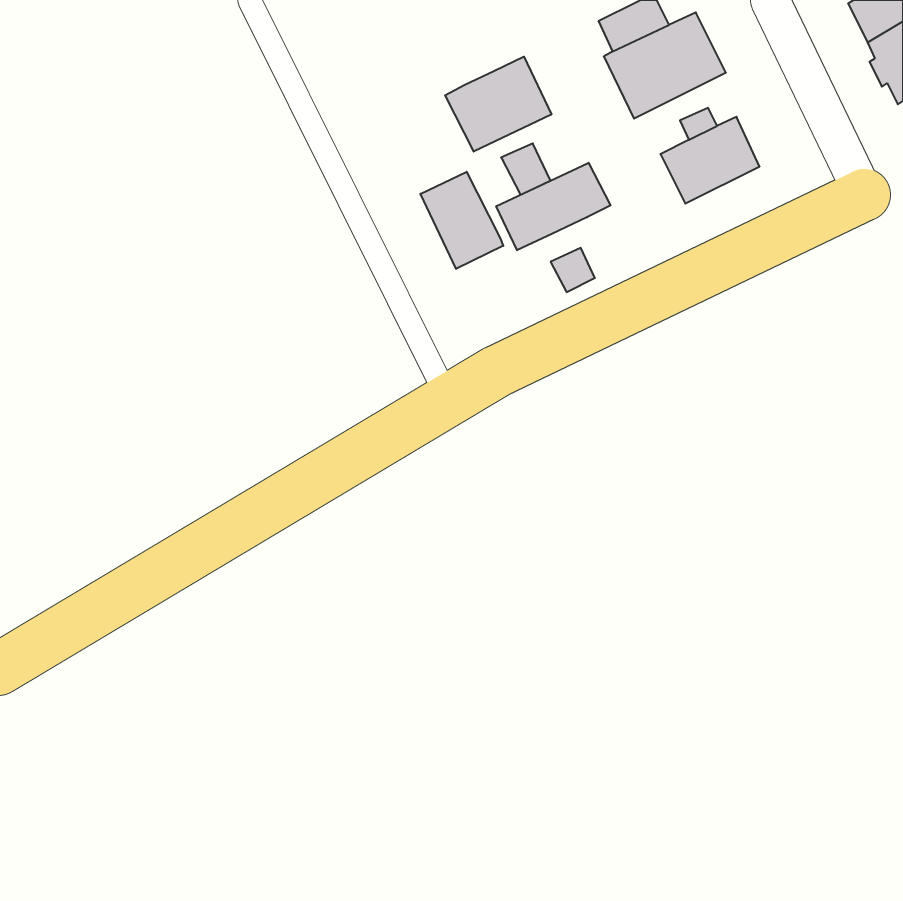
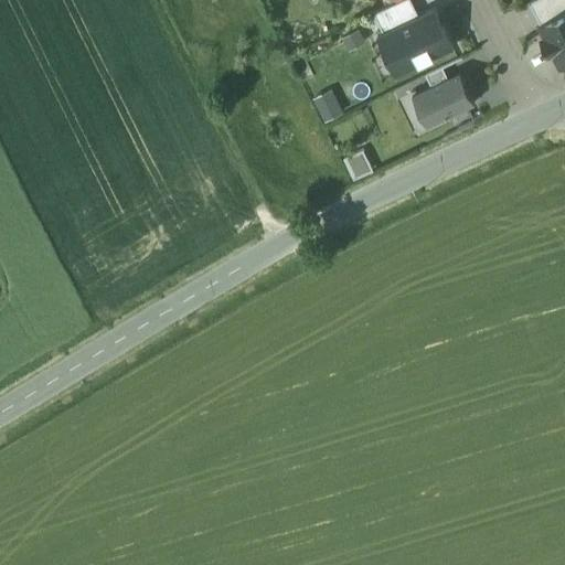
building: [445,57,551,152] -> none
building: [496,163,611,250] -> none
building: [420,172,503,269] -> none

